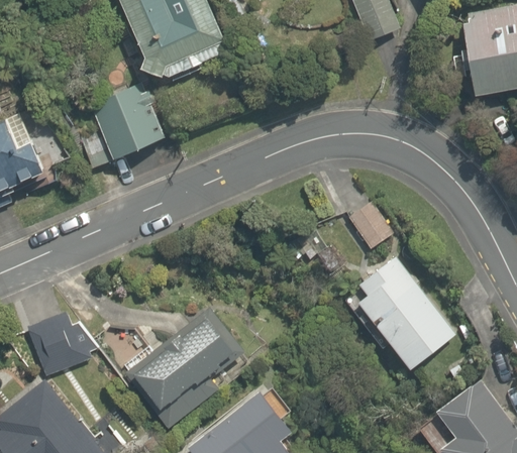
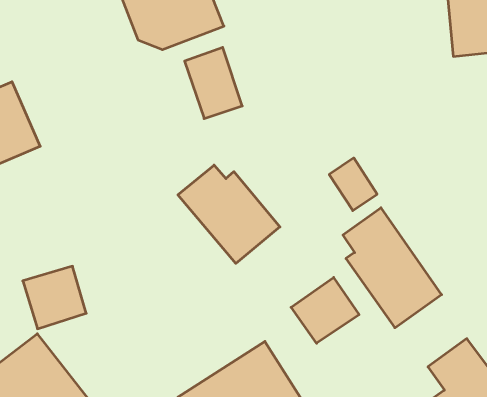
building: [85,88,144,161] -> [185,47,242,119]
building: none -> [178,165,280,263]
building: [129,305,247,427] -> none
building: none -> [291,277,359,343]

